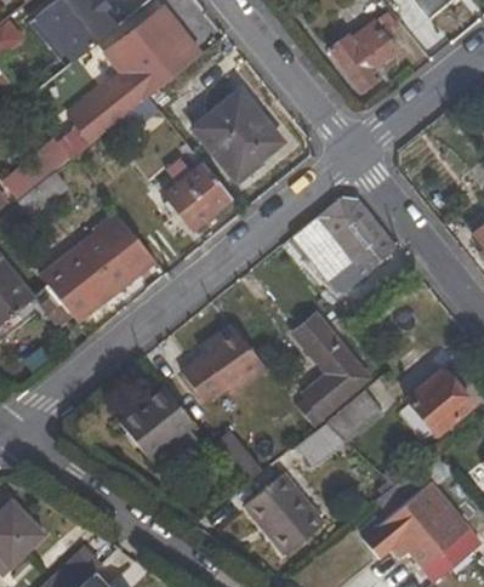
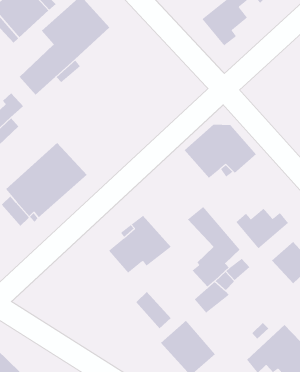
building: [195,90,281,177] -> none
building: [167,159,232,227] -> none
building: none -> [236,208,289,249]
building: [119,384,195,457] -> none

